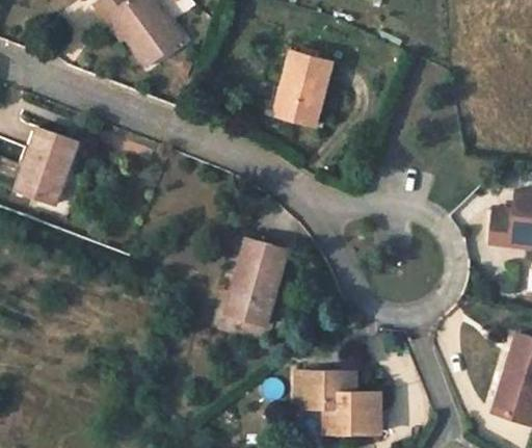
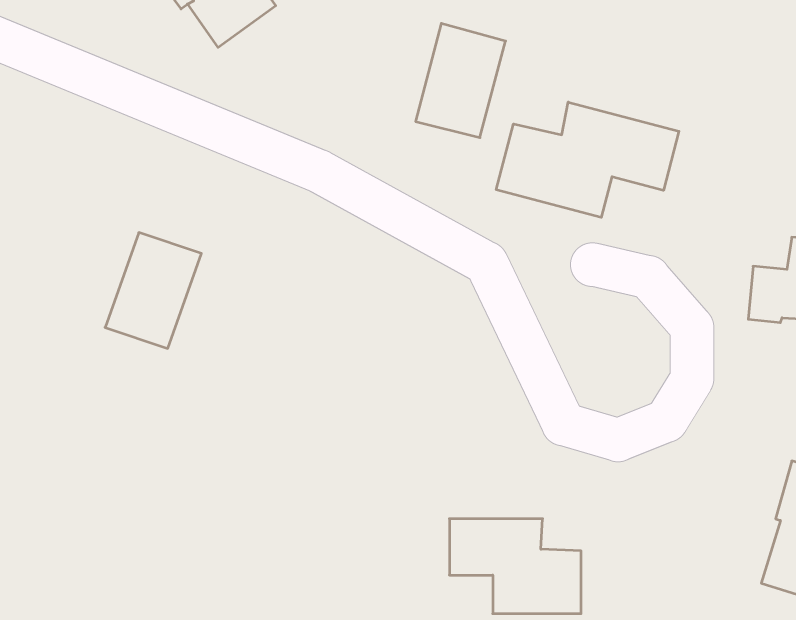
building: none -> [496,102,679,217]
building: [14,128,76,203] -> [105,233,201,348]
building: [224,239,287,324] -> none

